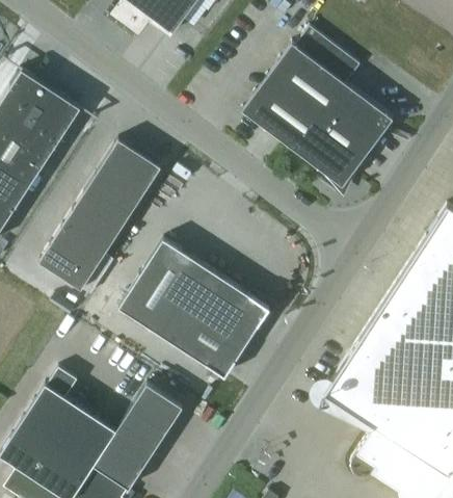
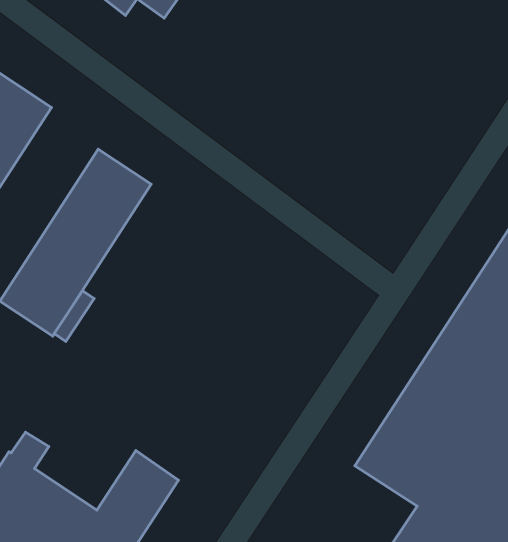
building: [241,28,392,187] -> none
building: [118,240,268,377] -> none

